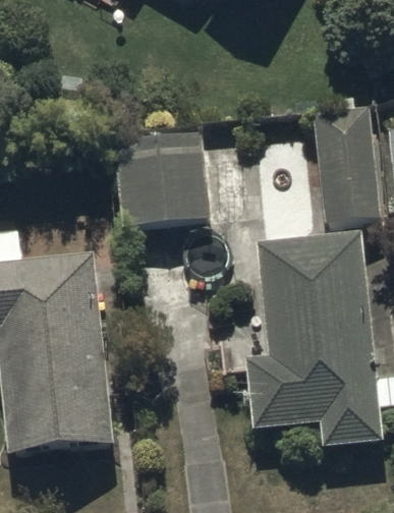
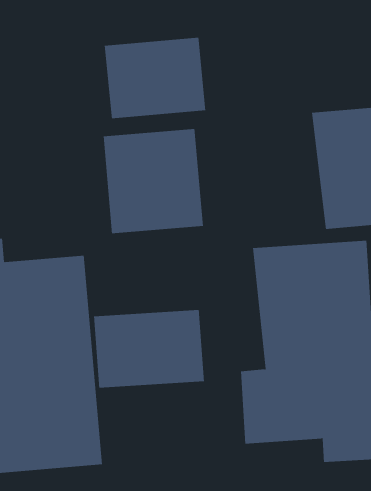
building: none -> [104,37,206,119]
building: none -> [94,309,204,388]

